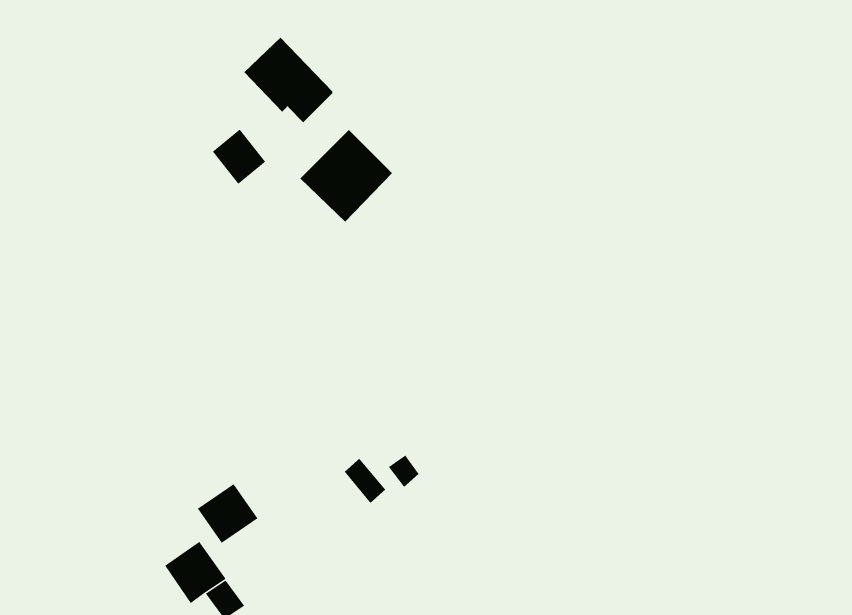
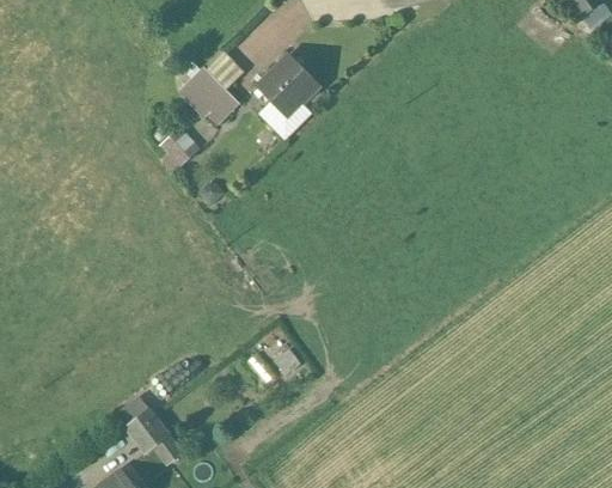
building: [299,129,393,223] -> [257,54,320,117]
building: [197,483,259,544] -> none

